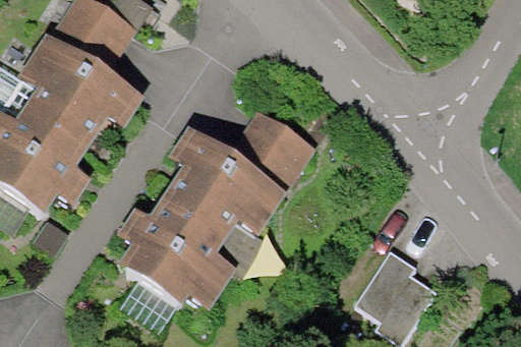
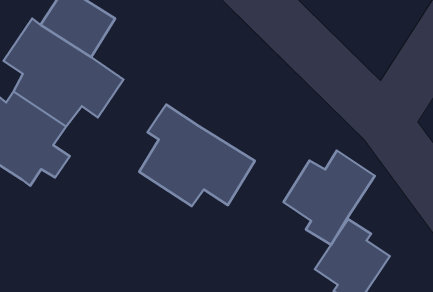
building: [229,107,316,185] -> none
building: none -> [284,150,375,245]
building: [113,197,233,309] -> none

